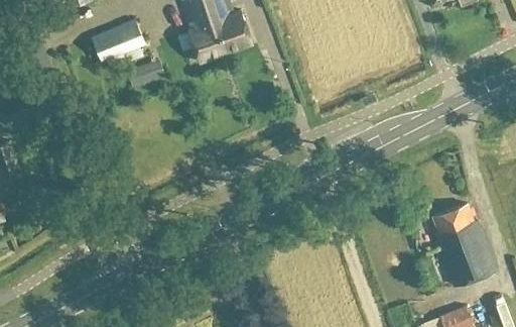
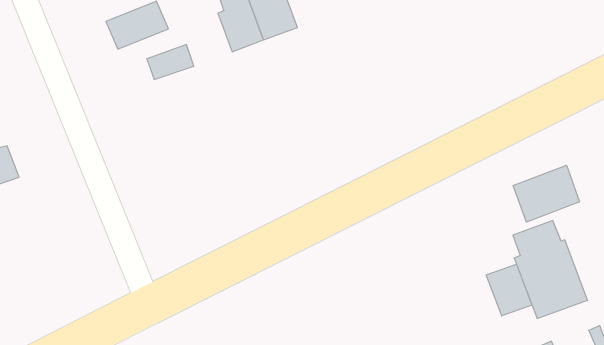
building: none -> [513,165,579,222]
building: none -> [486,264,532,316]

